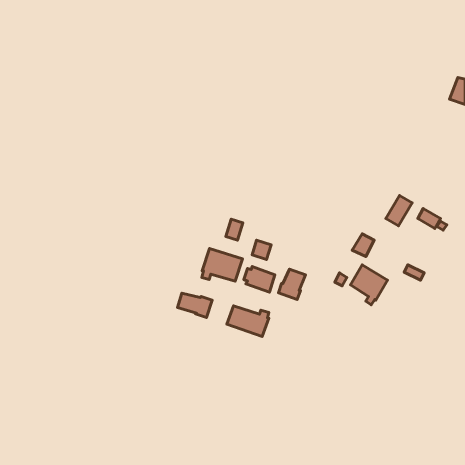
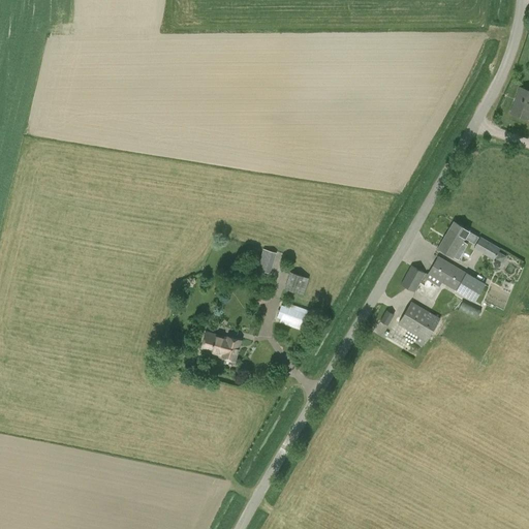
building: none -> [428,255,486,302]
building: [202,248,243,281] -> none
building: [278,269,305,300] -> none
building: [227,306,269,336] -> none

